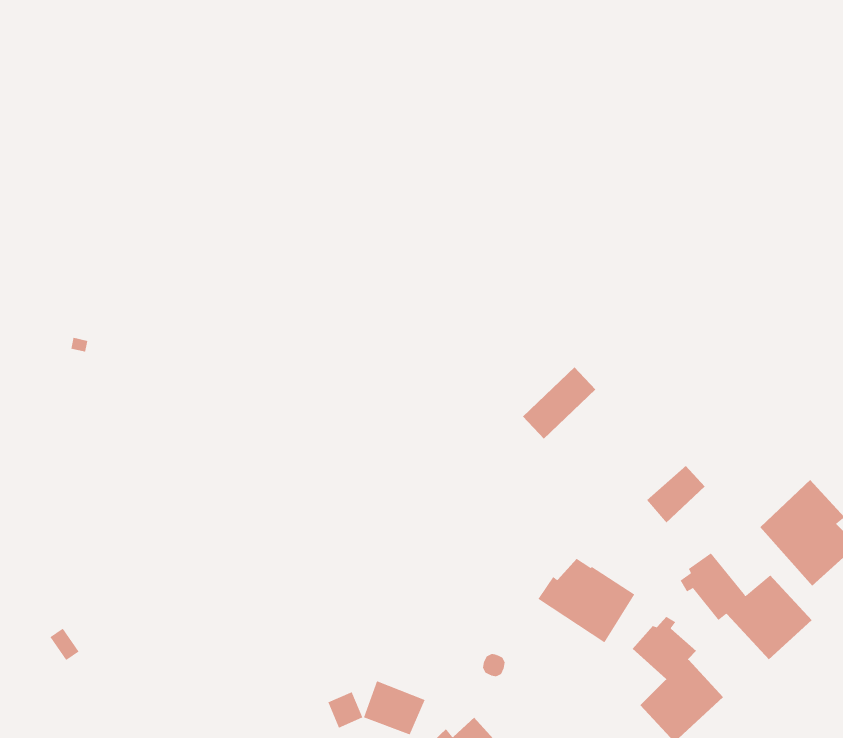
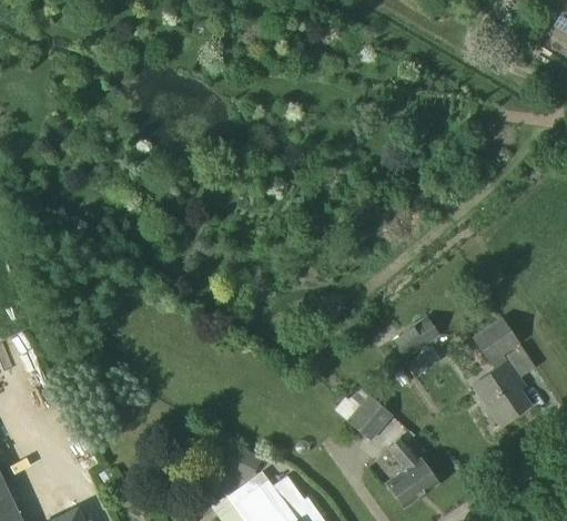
building: [522,367,596,439] -> [391,317,437,358]
building: none -> [472,317,519,365]
building: [680,553,812,660] -> none

